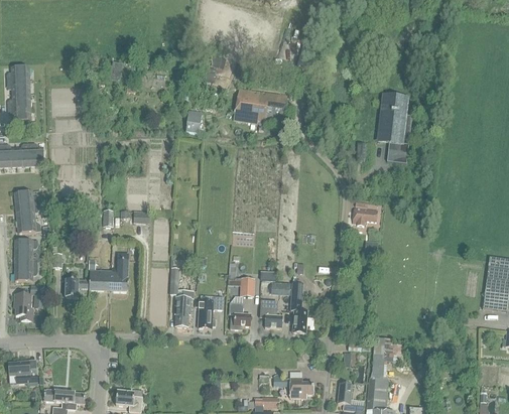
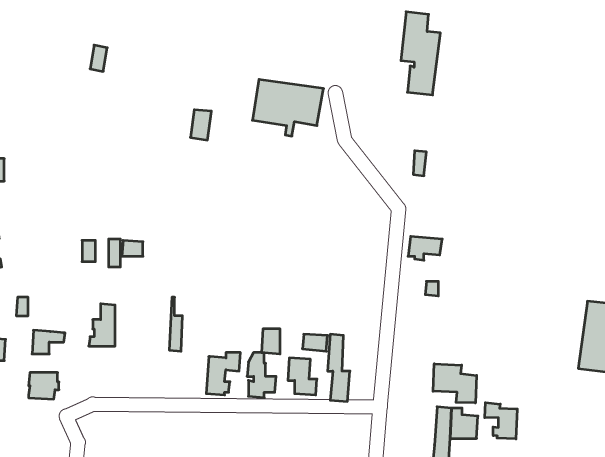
building: [382,99,412,162] -> [401,12,440,95]
building: [89,270,112,290] -> [29,373,59,399]
building: [174,289,194,326] -> none
building: none -> [433,364,477,403]
building: none -> [485,403,517,439]

